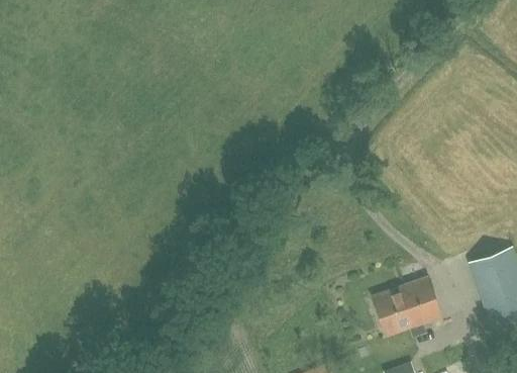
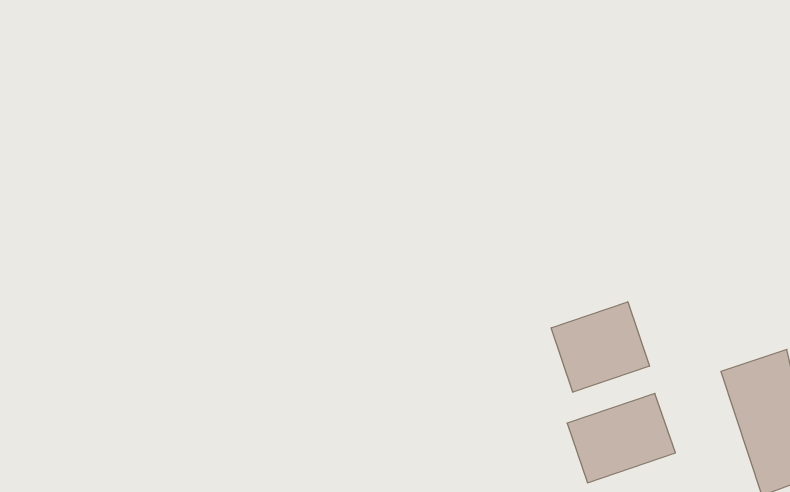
building: none -> [551,302,649,392]

